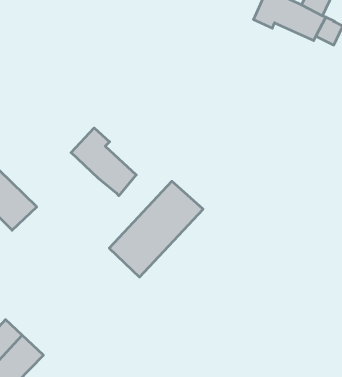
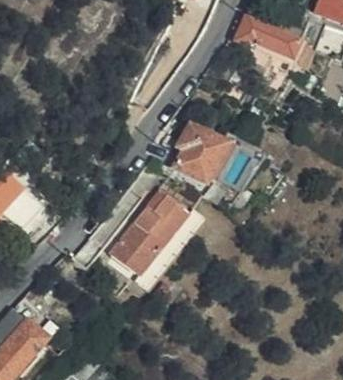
building: none -> [175,126,225,184]
building: [71,128,136,196] -> none

